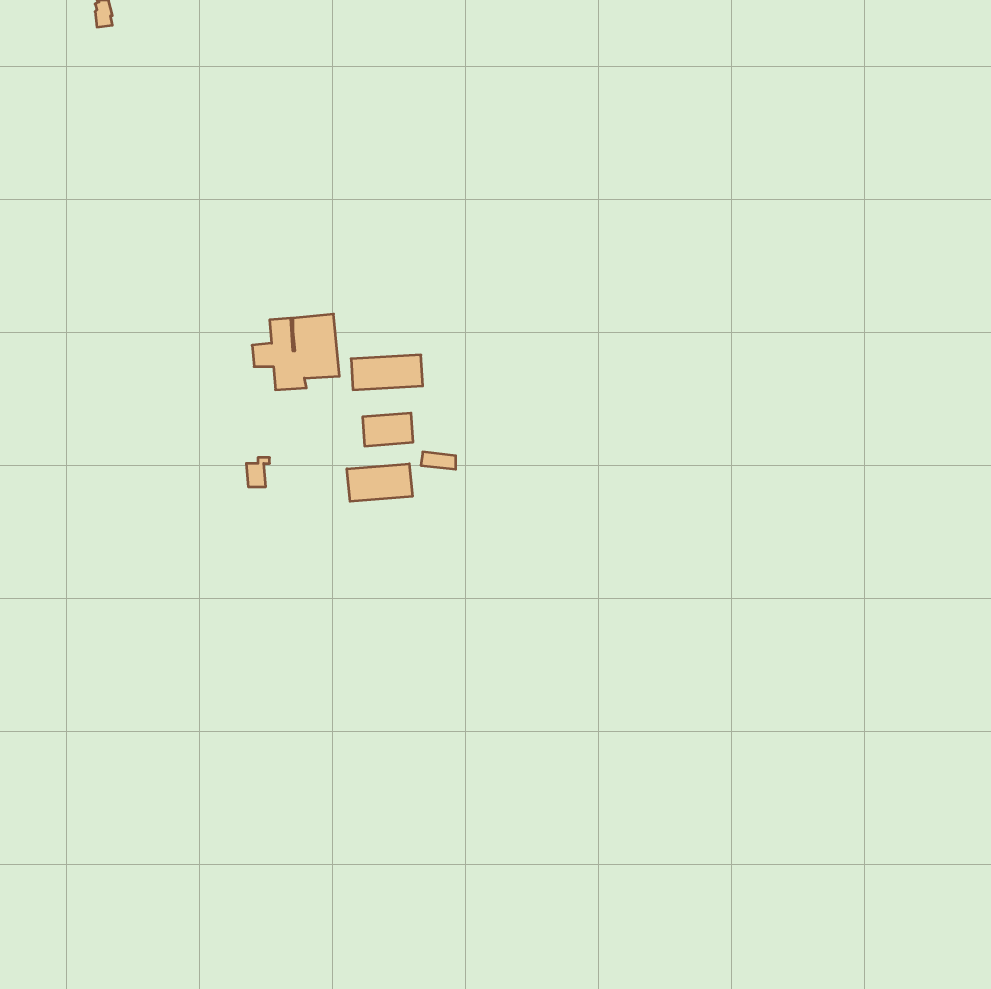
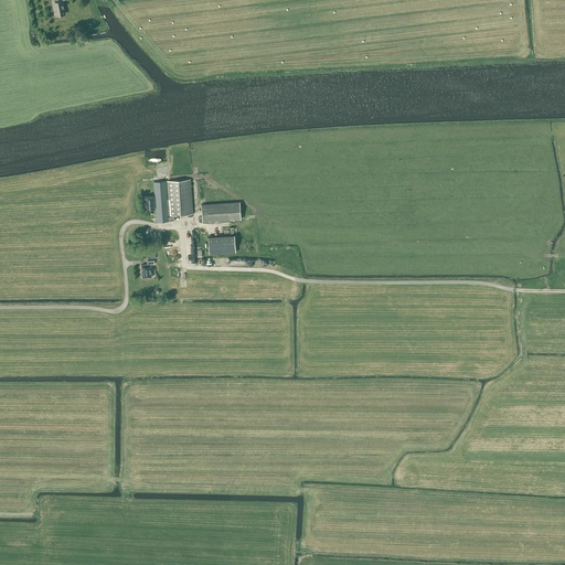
building: [347,464,412,501] -> none

